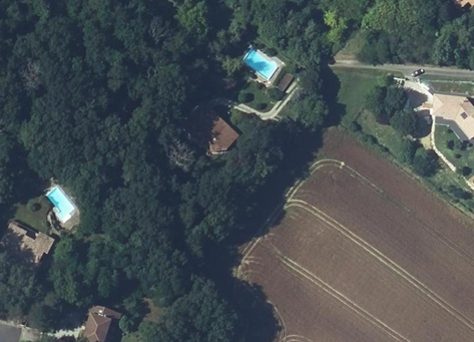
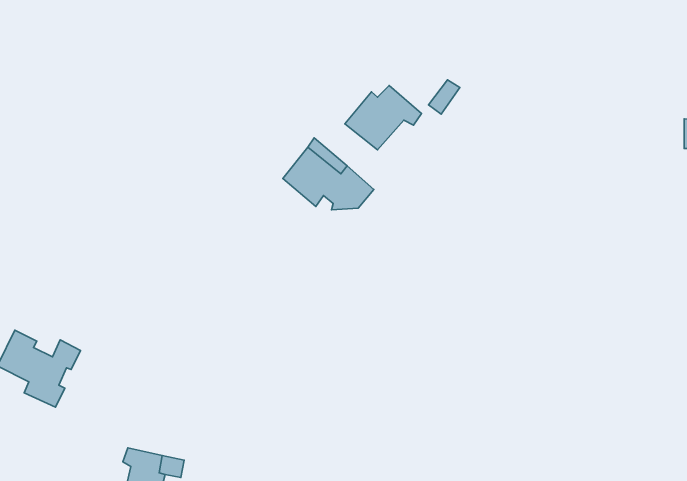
building: none -> [345,85,421,150]

